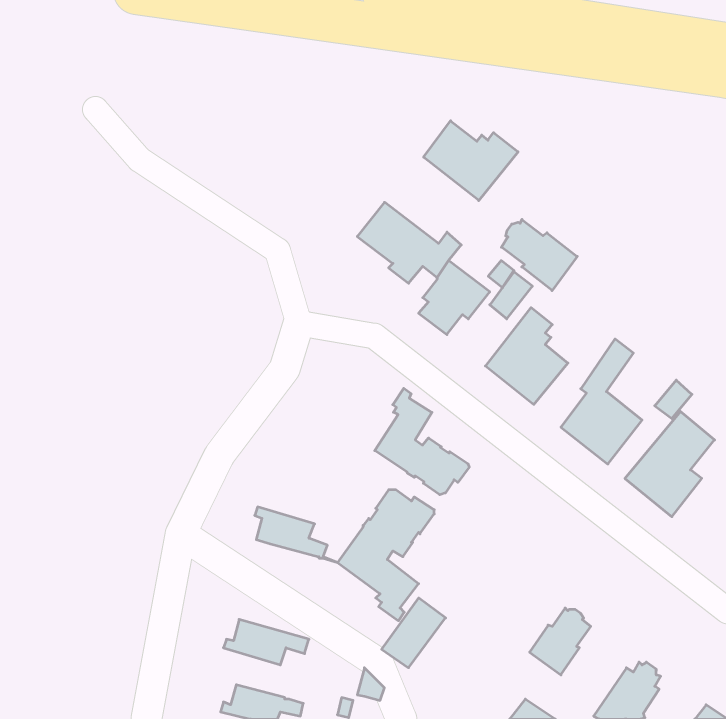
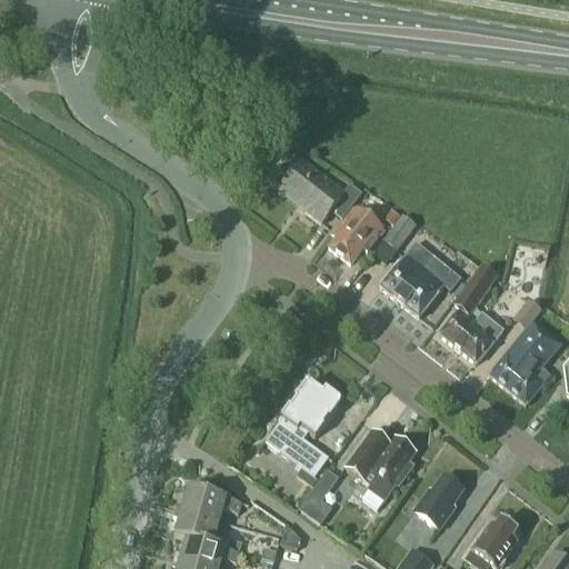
building: [424,121,518,201] -> none
building: [501,219,577,291] -> none
building: [375,388,469,495] -> none
building: [255,507,337,562] -> [173,506,238,549]
building: none -> [346,429,416,499]

